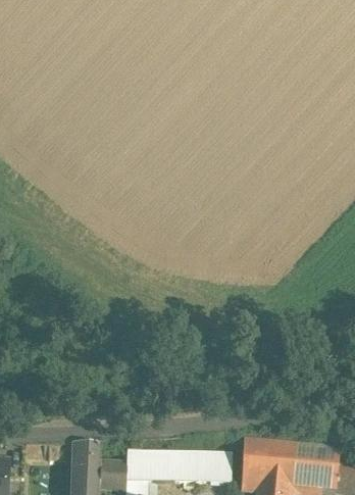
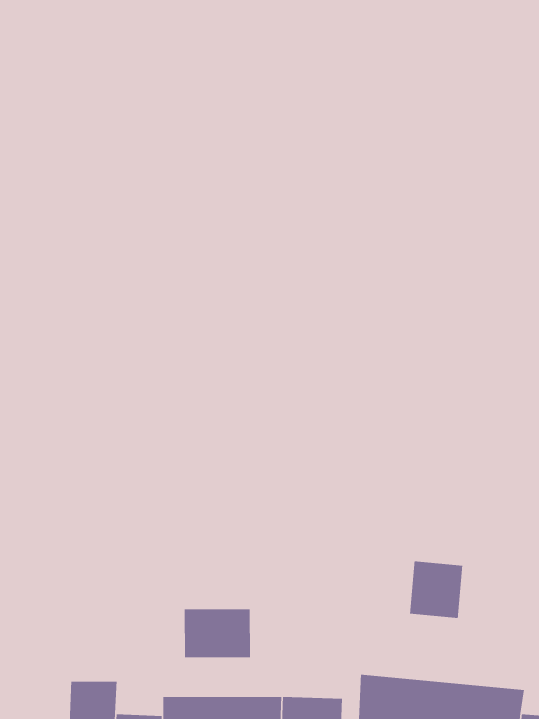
building: none -> [409,560,463,619]
building: none -> [184,608,251,658]

